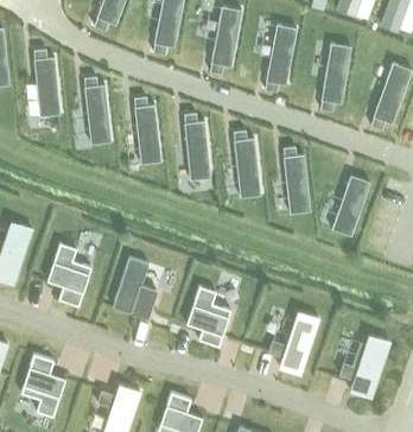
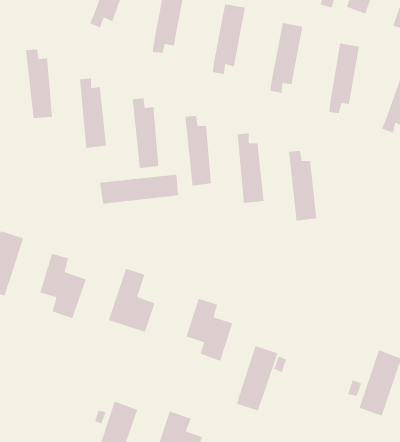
building: none -> [99,174,179,204]
building: [332,176,369,236] -> none
building: [279,312,319,375] -> [236,345,279,412]
building: [20,354,65,417] -> none

